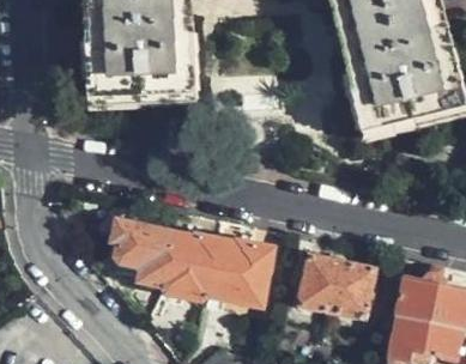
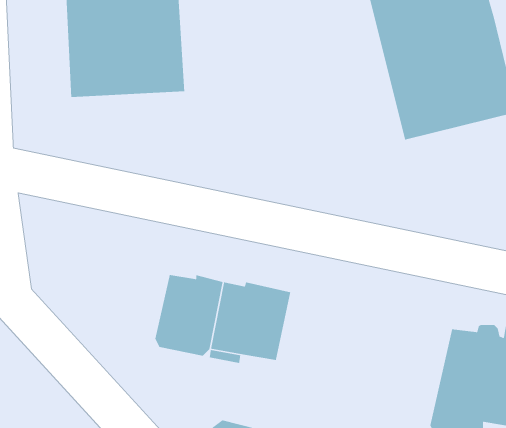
building: [111,223,173,287] -> none
building: [297,238,374,320] -> none

